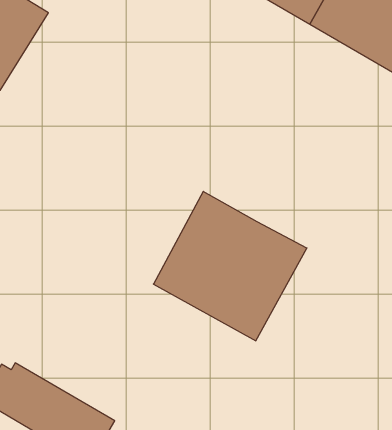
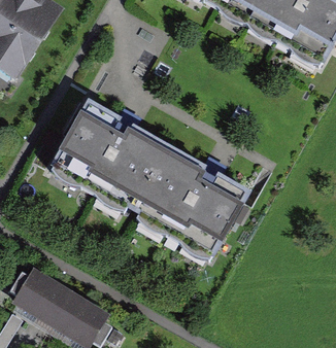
building: none -> [56,103,170,213]

